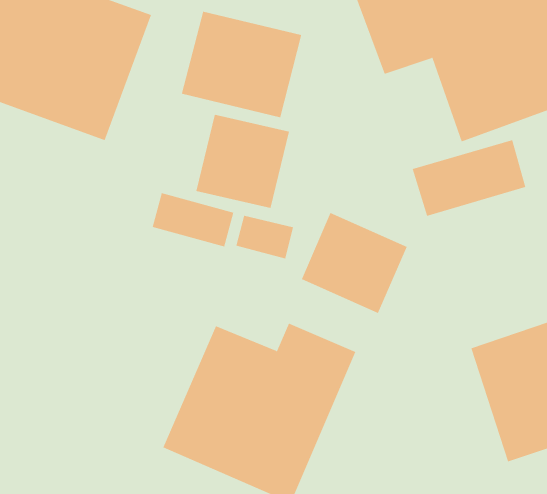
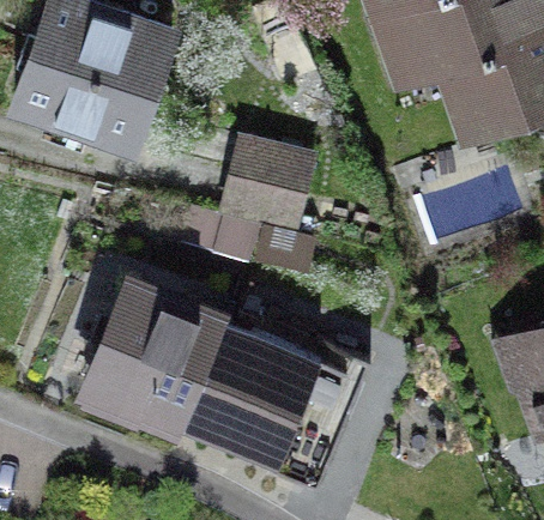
building: [181,11,302,118] -> none
building: [301,212,407,314] -> none
building: none -> [78,273,242,434]

